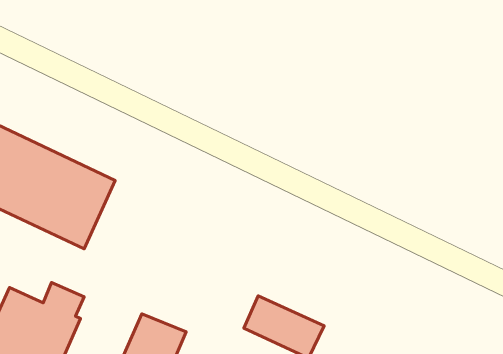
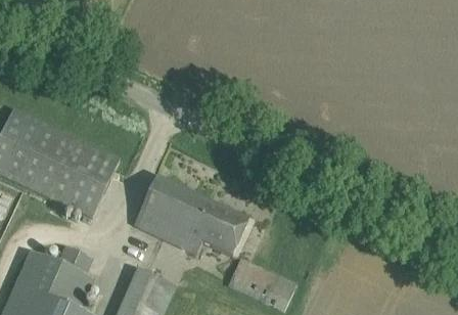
building: none -> [133,175,248,255]

